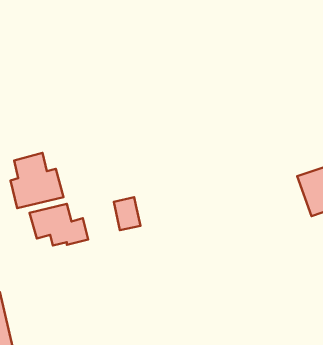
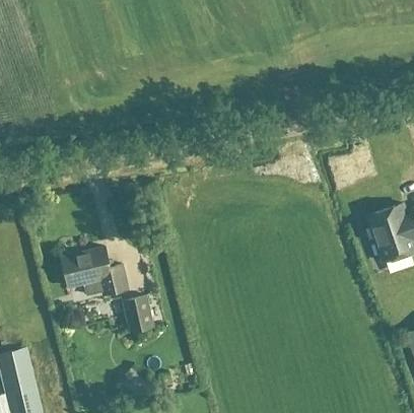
building: [10,153,63,208] -> none
building: [114,197,140,230] -> [125,295,155,333]

